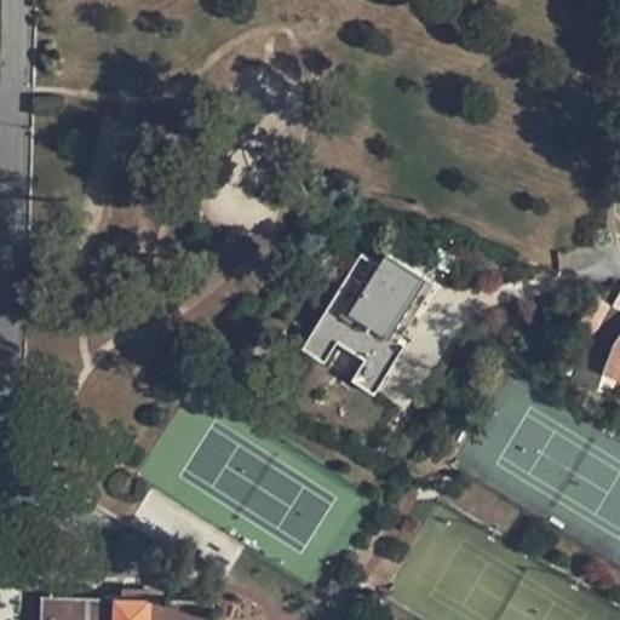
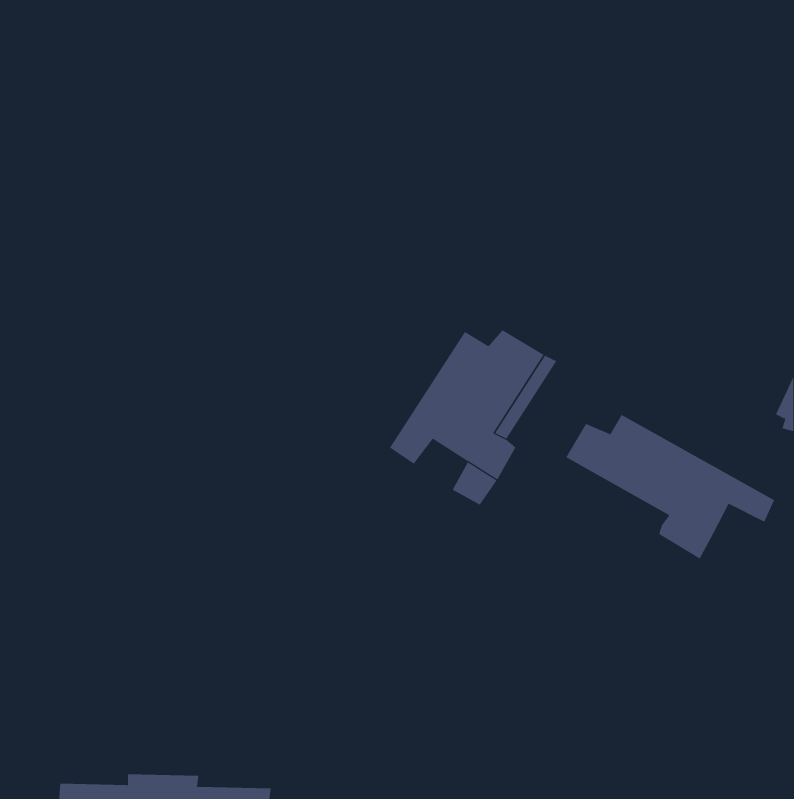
building: none -> [565,414,775,559]

